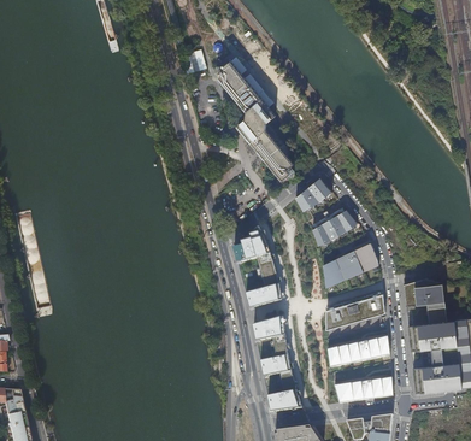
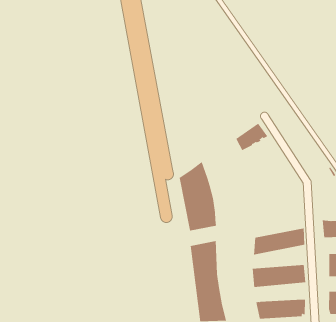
building: [219,63,295,183] -> none
building: [312,210,357,246] -> none
building: [323,241,378,288] -> none

